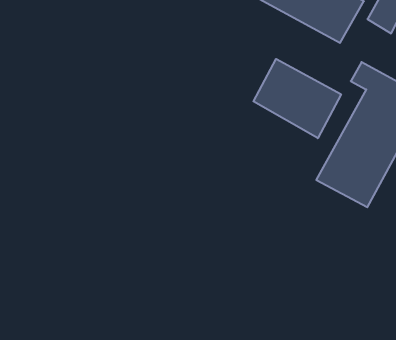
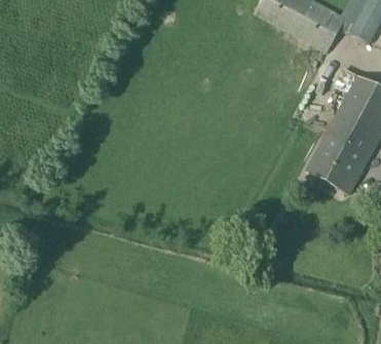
building: [253,59,341,138] -> none

